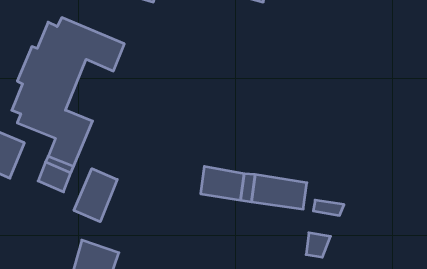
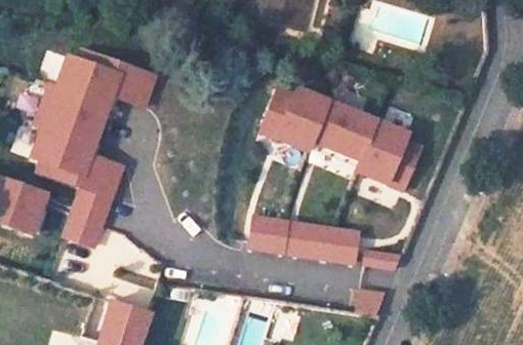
building: none -> [259,88,420,190]
building: [74,169,117,222] -> none

